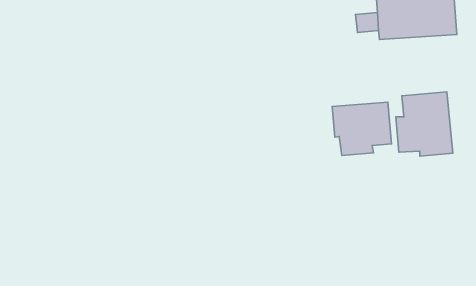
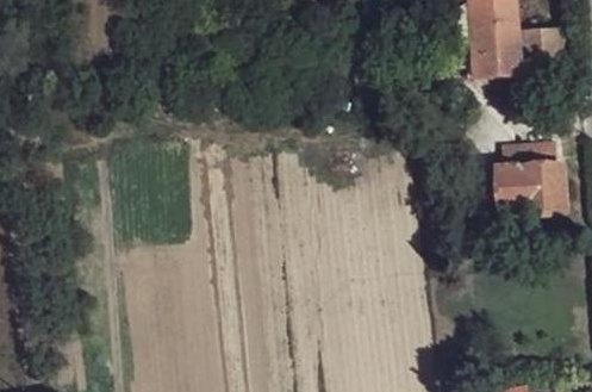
building: [332,102,391,156] -> none

